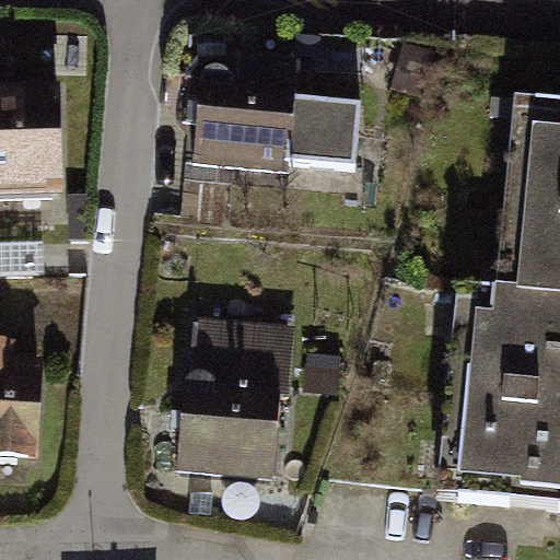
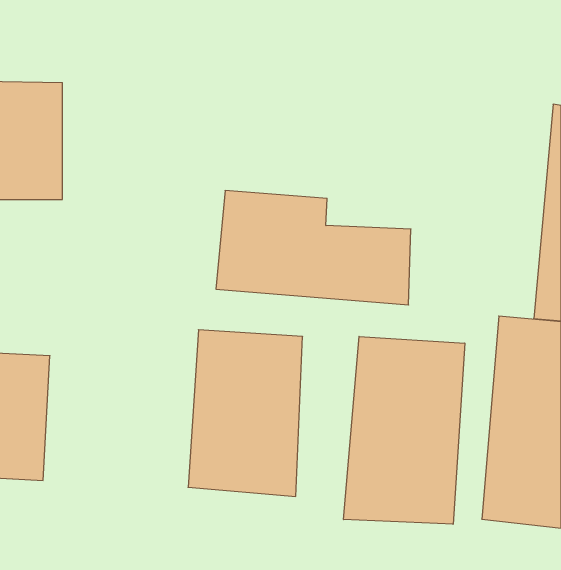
building: [186,68,374,178] -> [216,191,411,305]
building: none -> [344,336,465,524]

